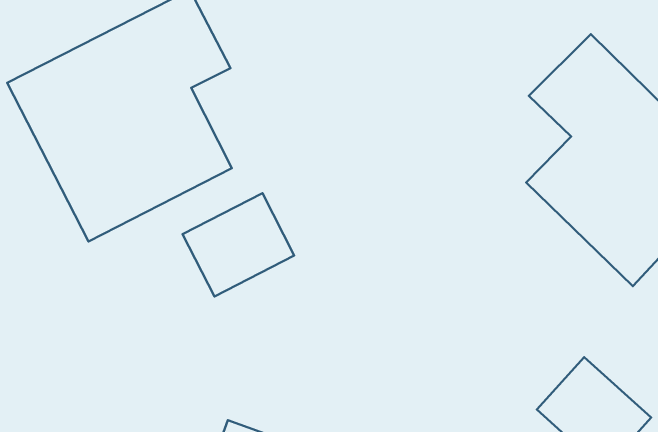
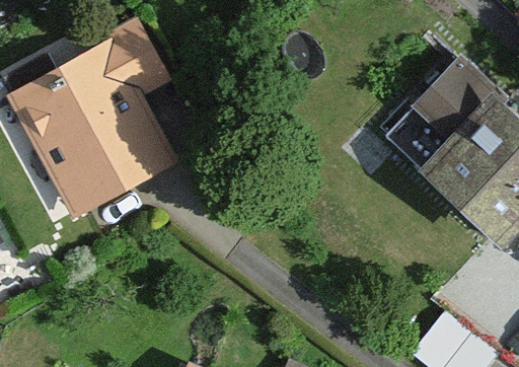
building: [183,193,294,296] -> none

